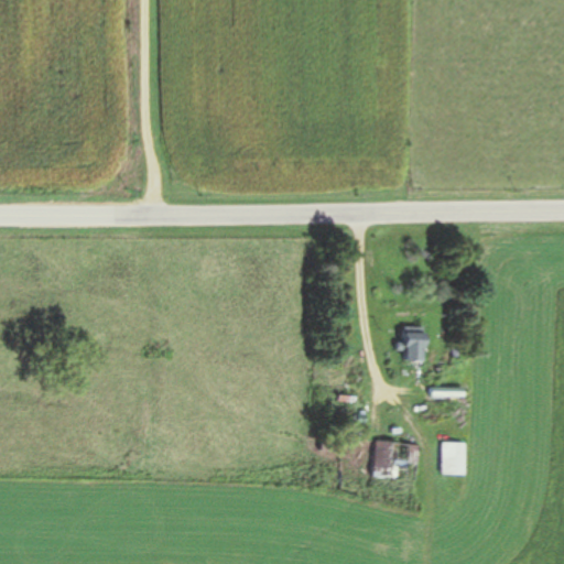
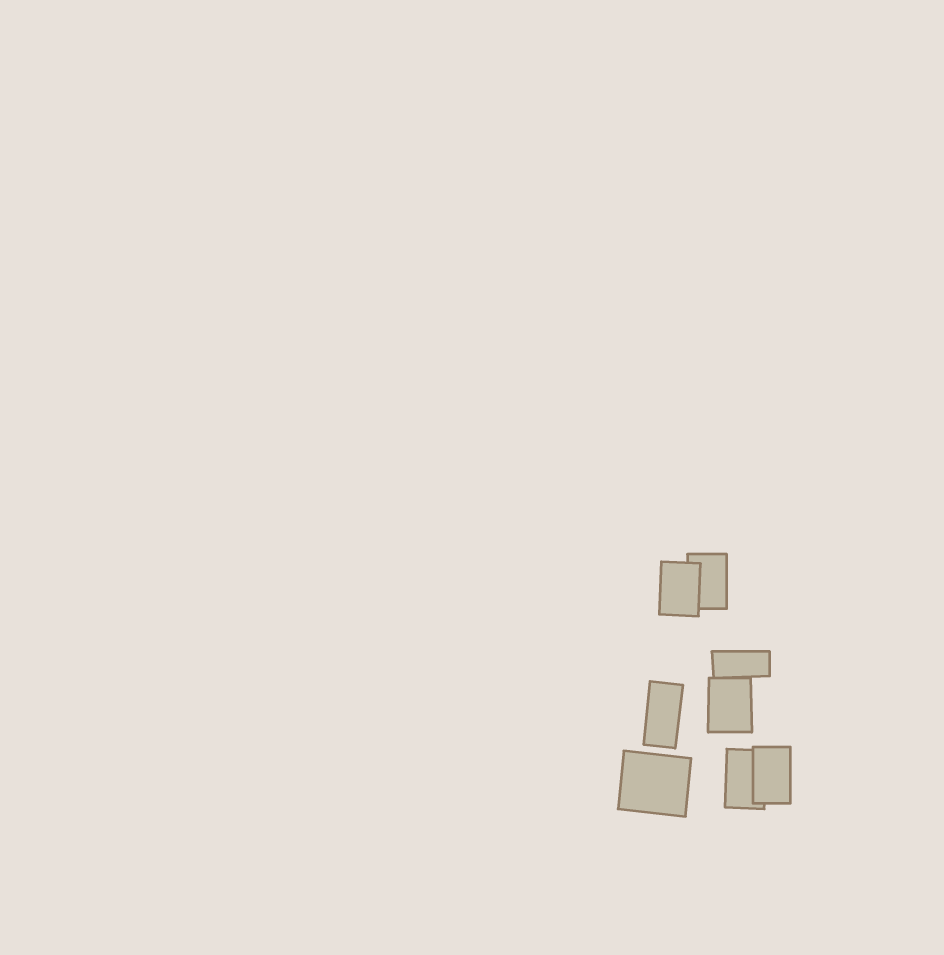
building: none -> [708,678,752,732]
building: none -> [644,681,683,748]

